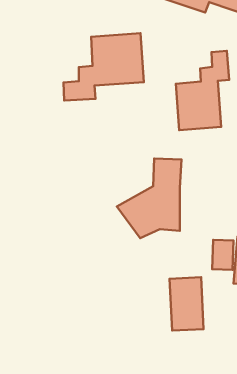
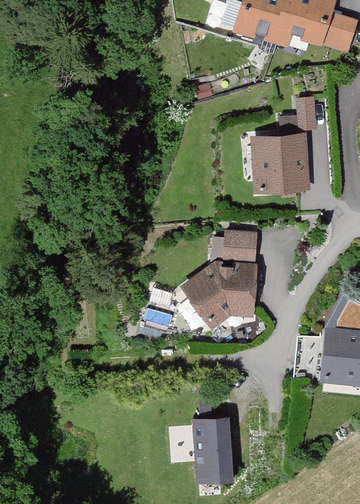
building: [63,33,144,101] -> none
building: [170,277,204,331] -> [192,418,234,484]

